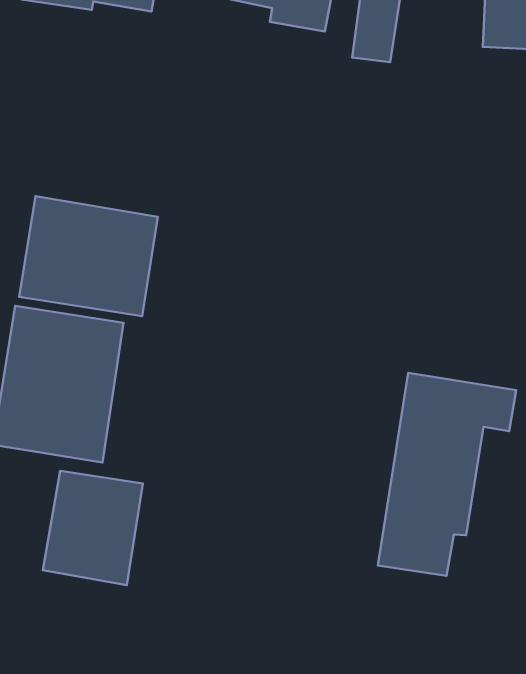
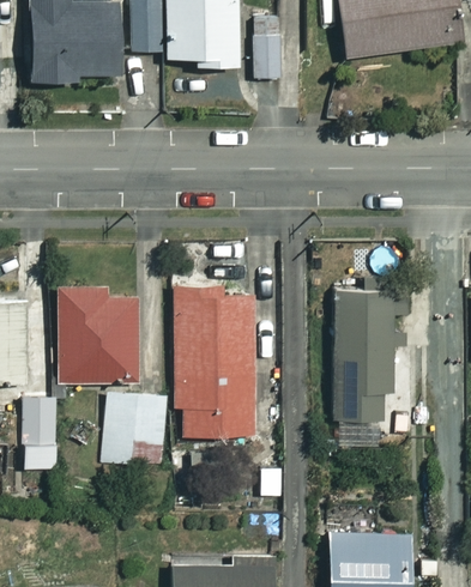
building: [19,196,158,316] -> none
building: none -> [175,284,255,437]

